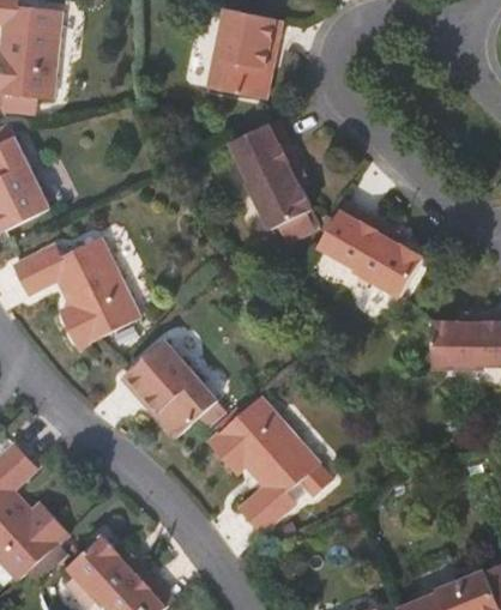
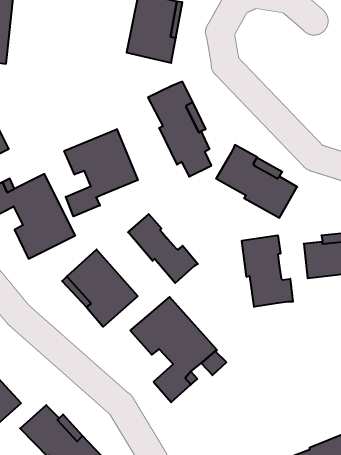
building: none -> [64,129,138,216]
building: none -> [128,214,198,283]
building: none -> [242,235,293,307]

